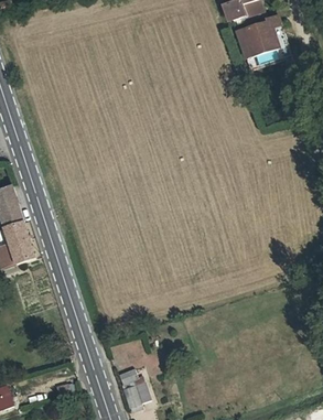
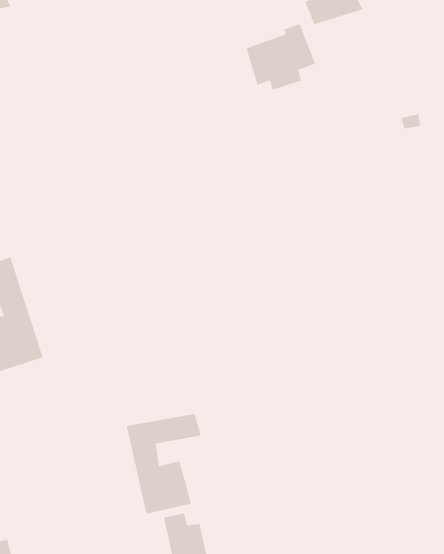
building: [235,14,284,62] -> [246,23,316,90]
building: none -> [126,413,201,514]

